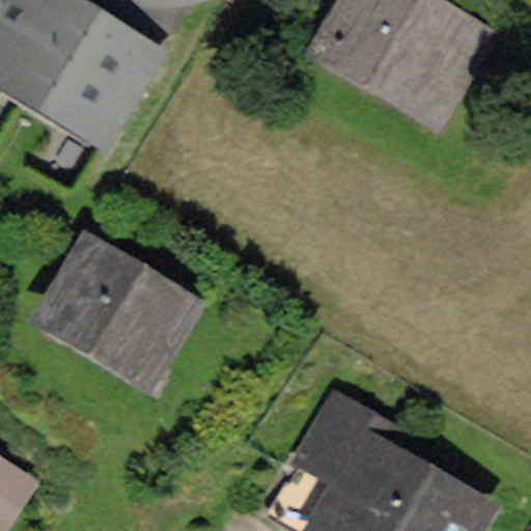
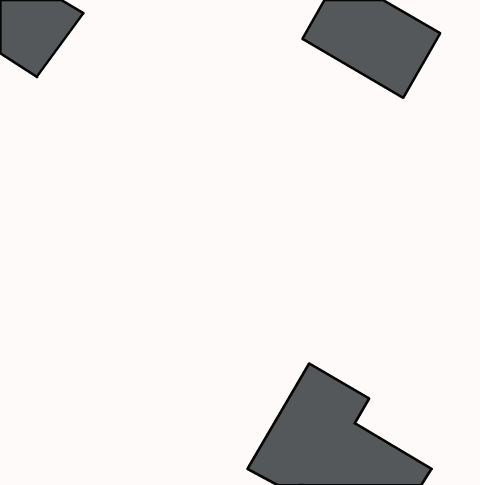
building: [46,11,156,124] -> none
building: [56,249,189,370] -> none

